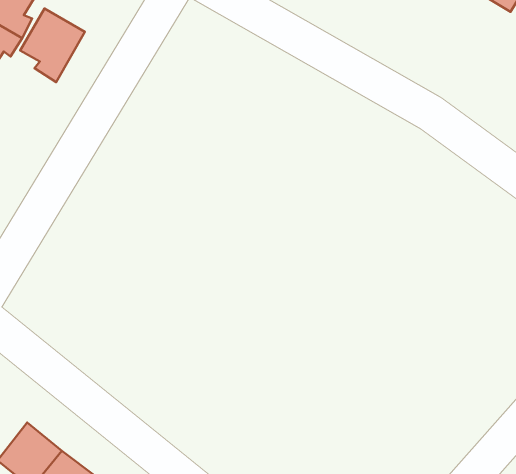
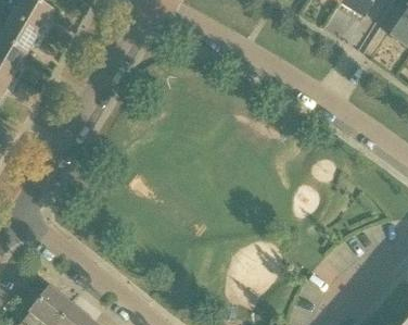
building: [20,8,85,82] -> none

